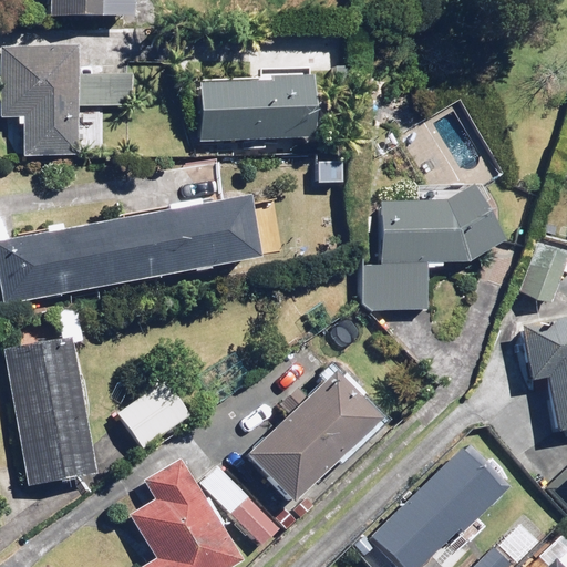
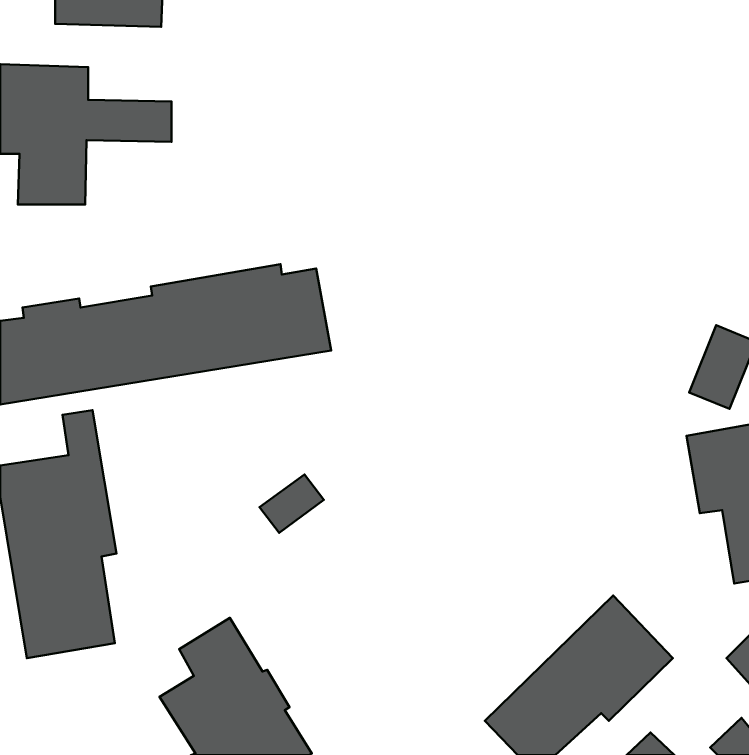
building: [196,73,310,141] -> none
building: [363,187,502,310] -> none
building: [204,363,384,544] -> none
building: [118,381,187,446] -> none

